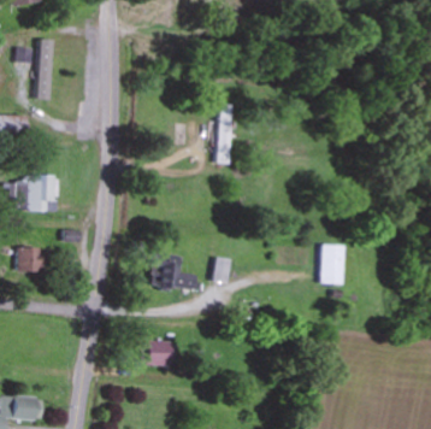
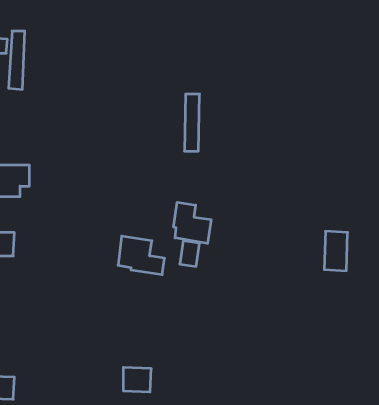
building: none -> [174,202,211,243]
building: [320,245,344,286] -> [324,231,348,271]
building: [143,341,172,366] -> [123,367,151,392]

